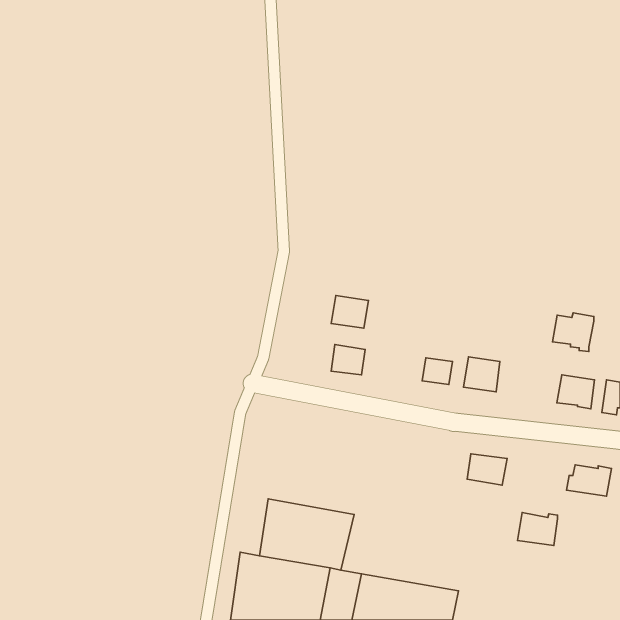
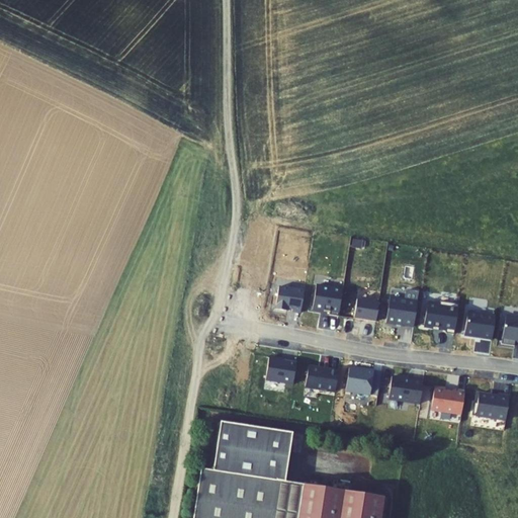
building: [331,295,369,328] -> [312,286,343,314]
building: [552,313,594,352] -> [424,301,458,334]
building: none -> [265,358,295,384]
building: none -> [307,367,339,393]
building: none -> [346,368,373,396]
building: [517,513,557,545] -> [431,387,464,415]

